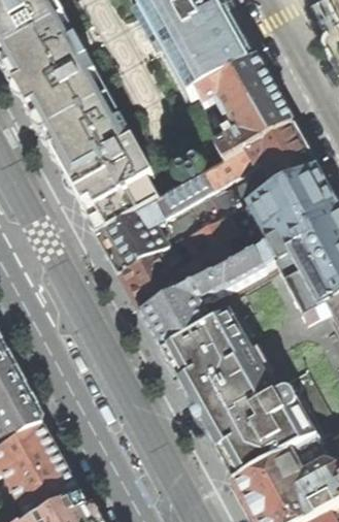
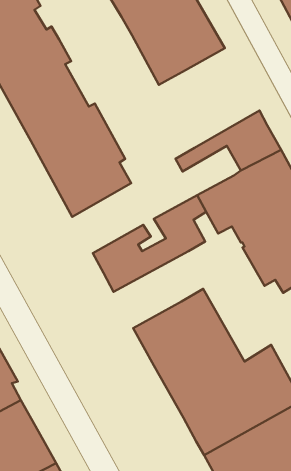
building: [199,58,294,162] -> none
building: [98,171,267,272] -> none
building: [141,244,274,351] -> none

